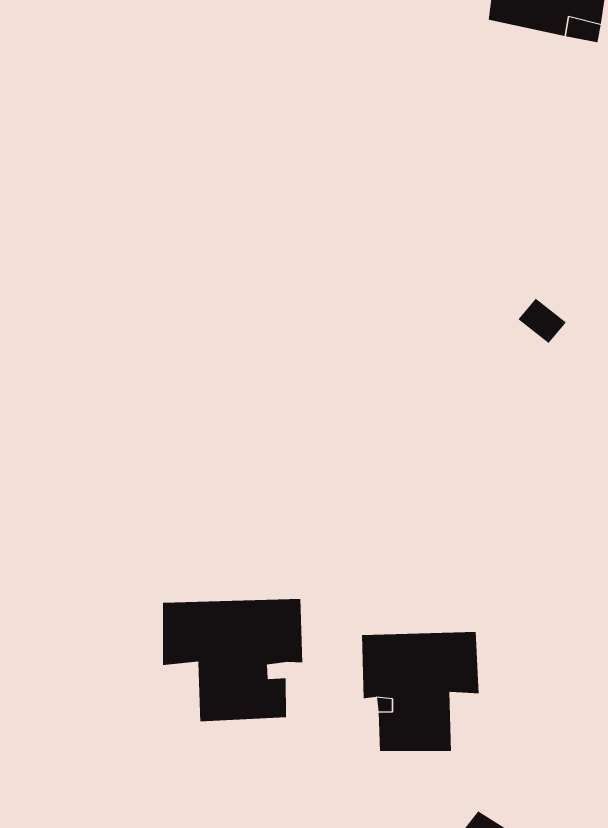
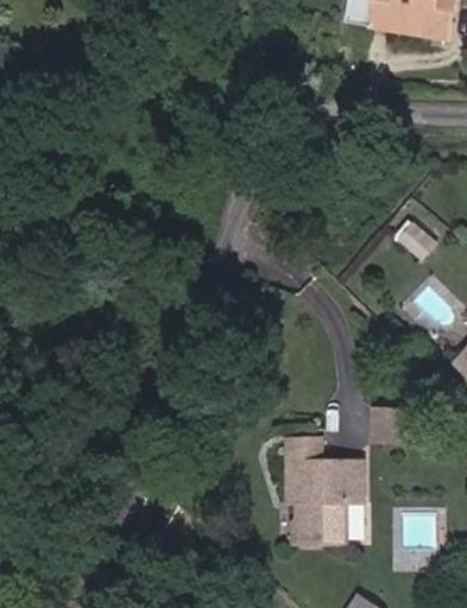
building: [162,598,303,722] -> none

